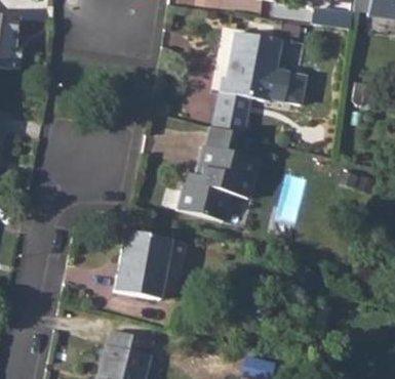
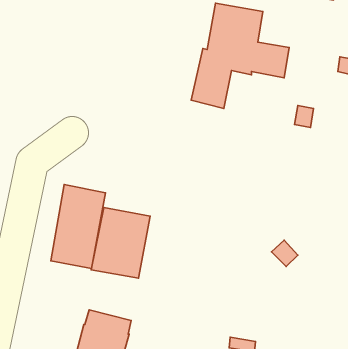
building: [183,126,258,225] -> none
building: none -> [51,185,106,268]

